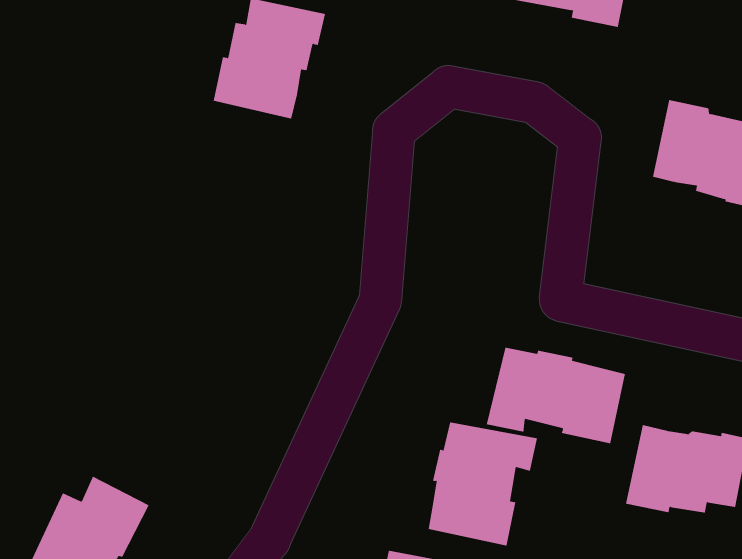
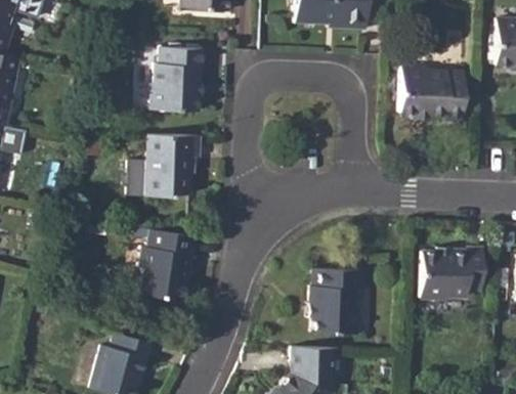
building: none -> [142,135,199,199]
building: none -> [134,229,192,304]
building: [486,347,625,444] -> none

